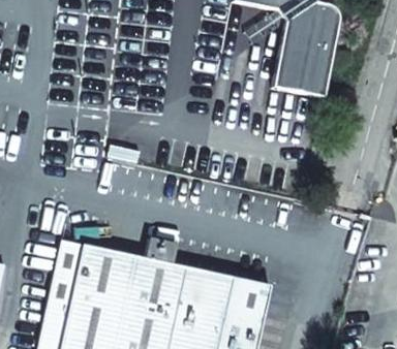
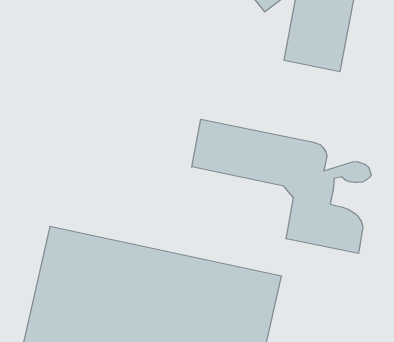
building: none -> [192,119,371,253]

